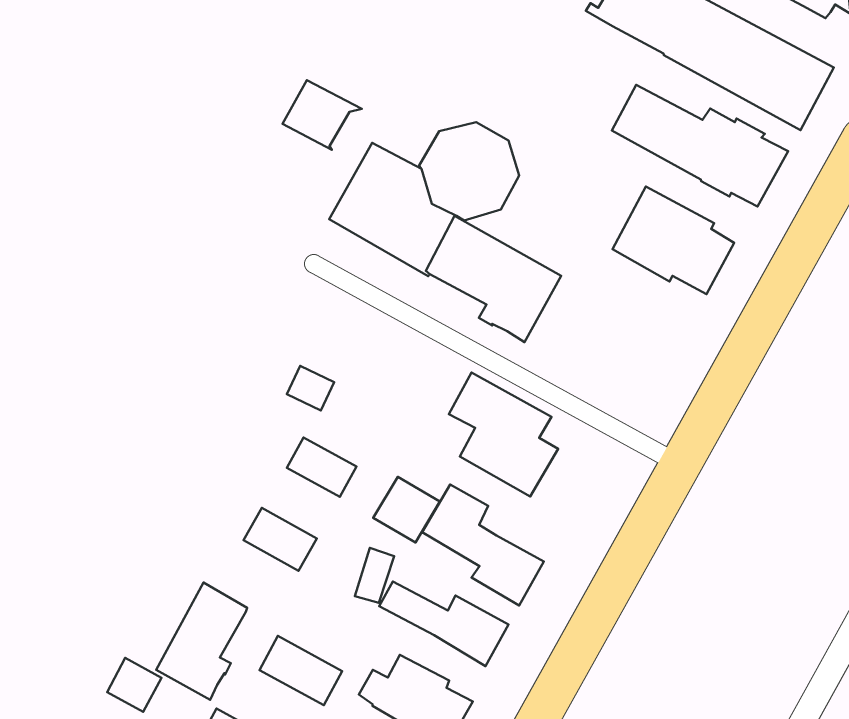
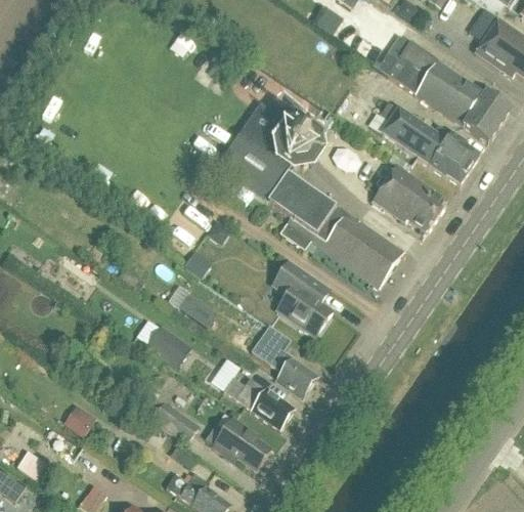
building: [282,80,362,150] -> [244,102,290,143]
building: none -> [319,212,404,288]
building: [373,477,440,542] -> none
building: [156,583,247,700] -> none

